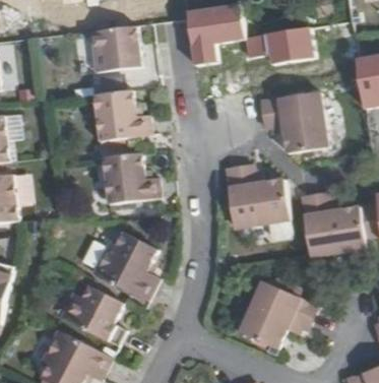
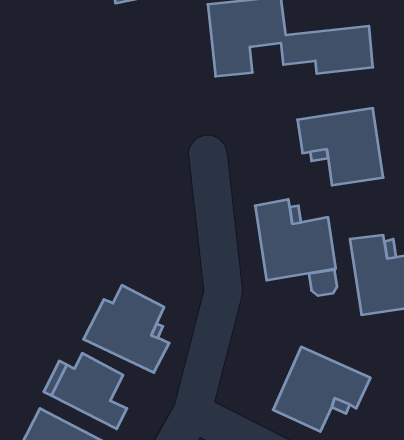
building: [87,24,139,70] -> none
building: [91,90,149,141] -> none
building: [101,152,159,203] -> none

